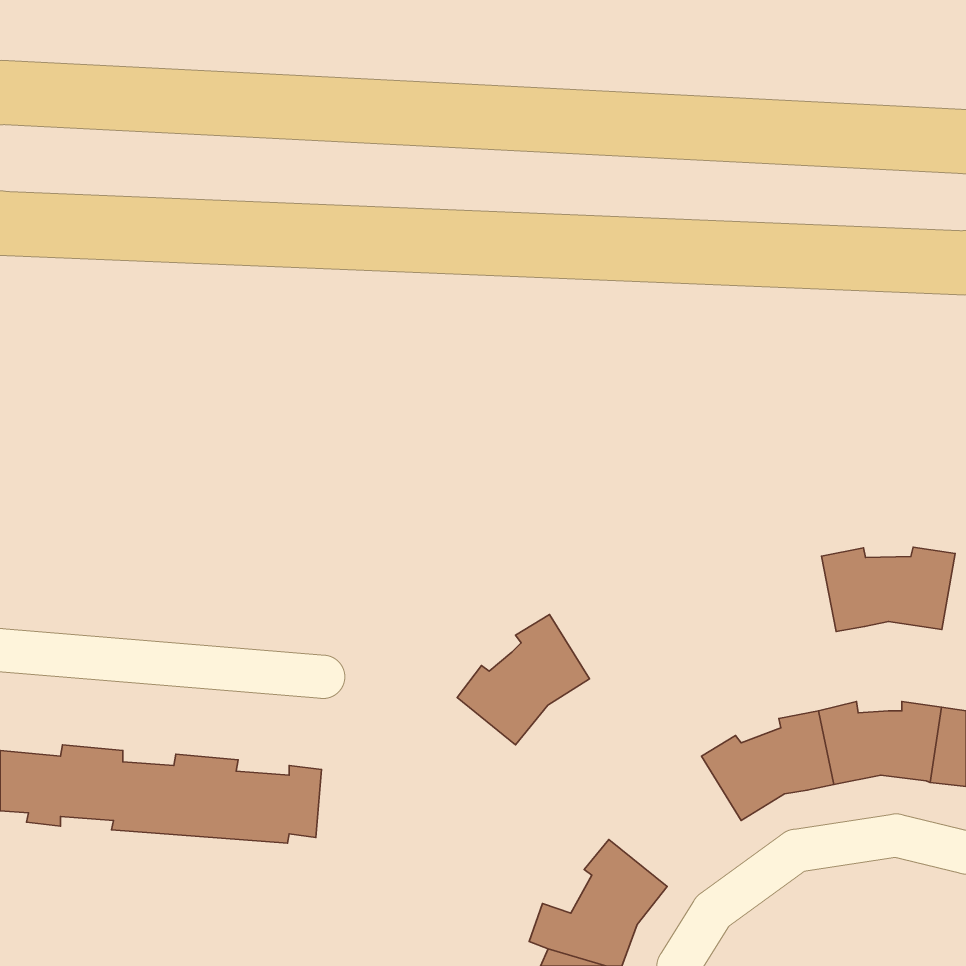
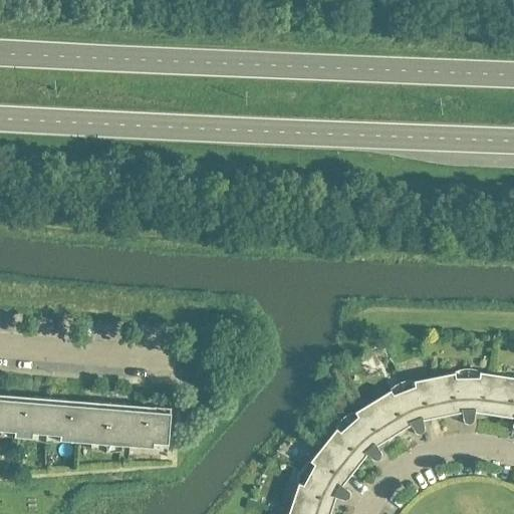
building: [821,547,955,632] -> none
building: [457,614,589,745] -> [323,402,394,471]

